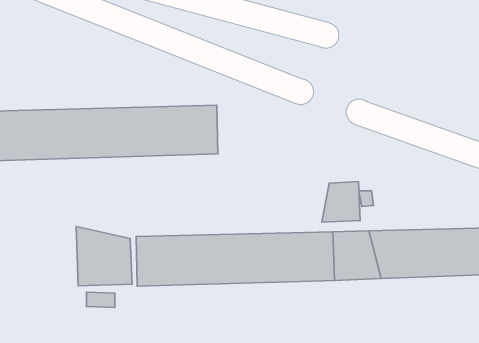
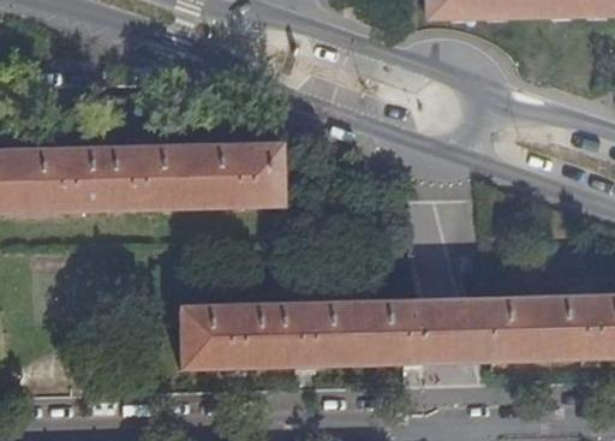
building: [322,181,360,222] -> none
building: [76,226,132,286] -> none

